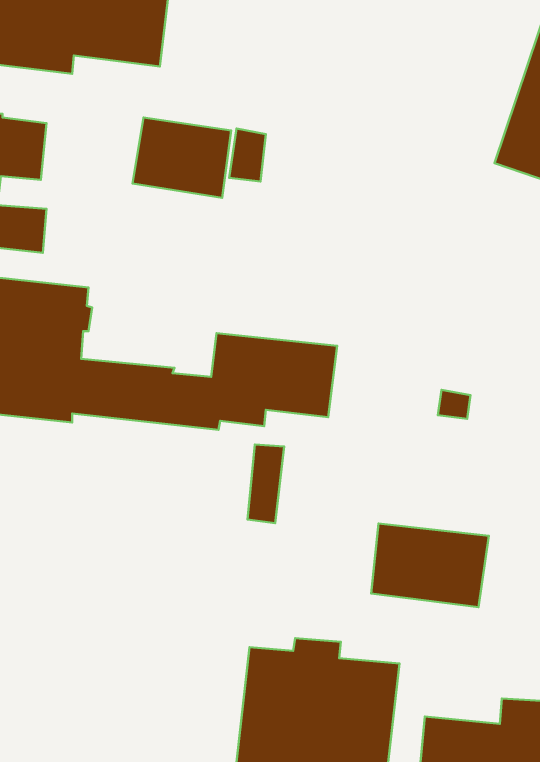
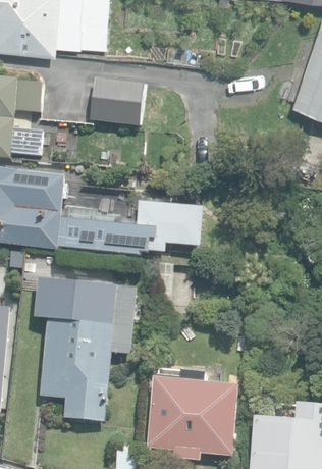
building: none -> [34,279,135,421]
building: [371,524,489,607] -> none

